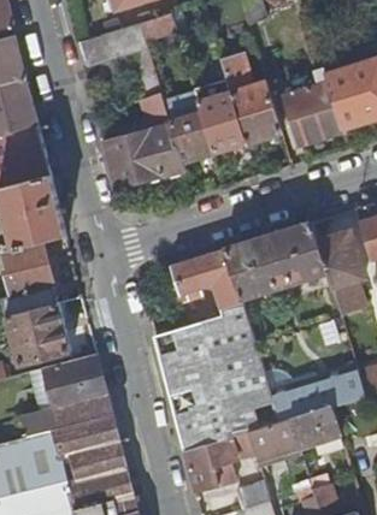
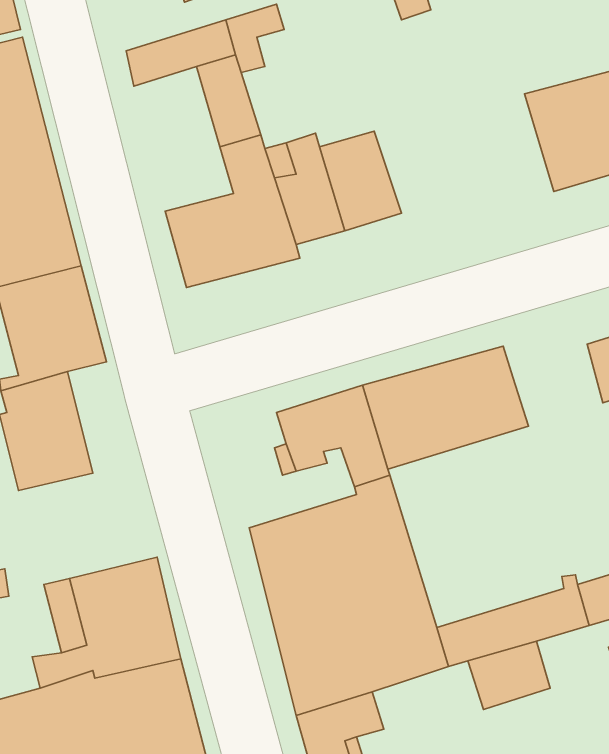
building: [220,53,282,143] -> none
building: [283,57,342,144] -> none
building: [317,233,364,316] -> none
building: [6,303,72,365] -> none
building: [248,419,299,461] -> none

